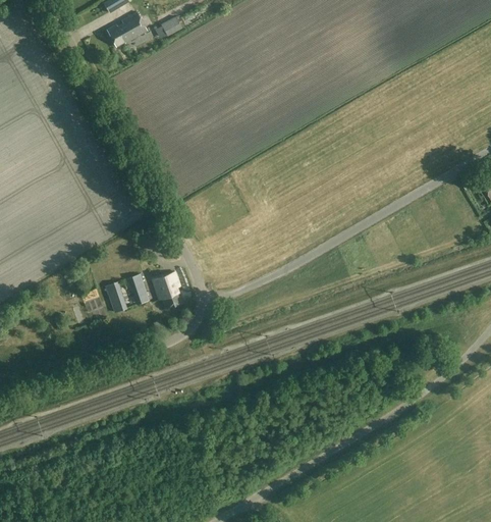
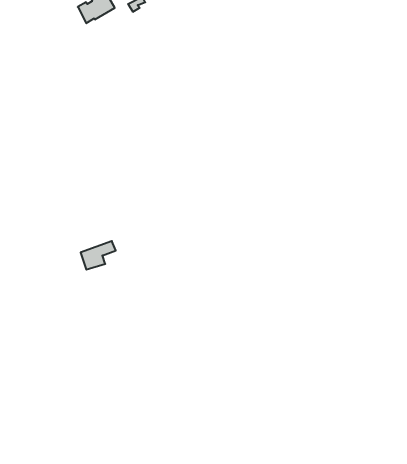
building: [152,270,182,308] -> none

